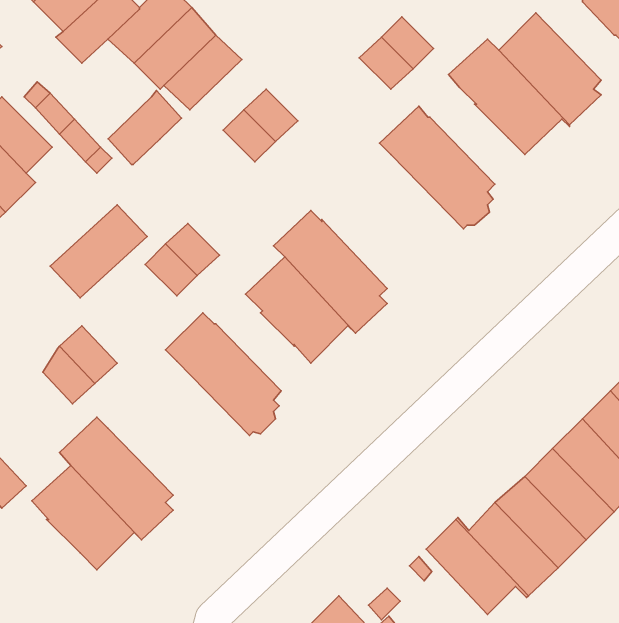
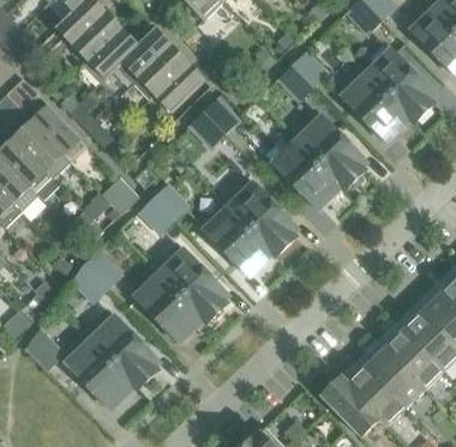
building: [108,91,181,165] -> none
building: none -> [274,140,346,207]
building: none -> [136,273,208,340]

